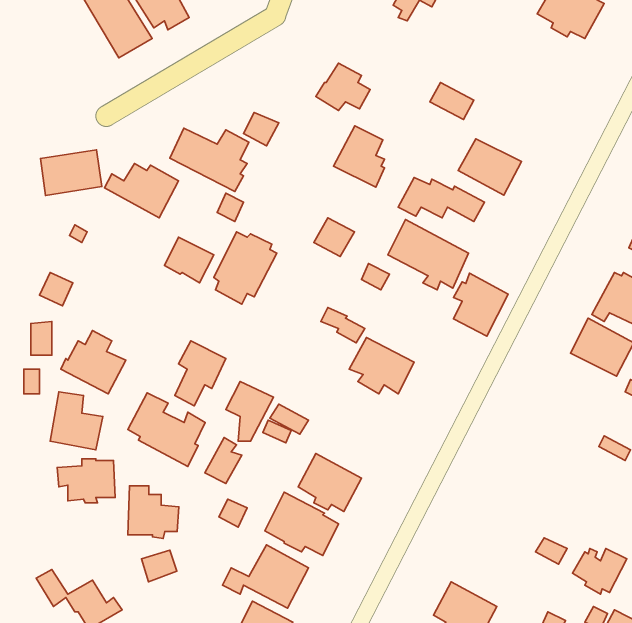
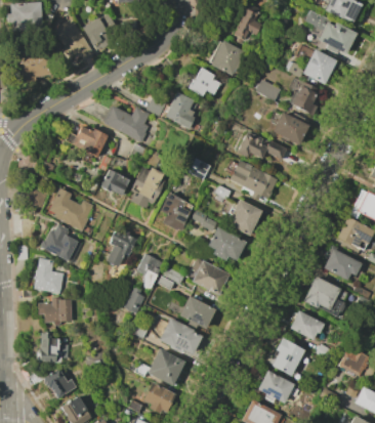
building: none -> [209,40,245,75]
building: none -> [285,48,336,84]
building: none -> [289,81,319,115]
building: [334,126,385,187] -> [165,92,195,128]
building: [40,150,102,195] -> [17,52,53,79]
building: [454,273,508,336] -> [230,199,261,236]
building: none -> [159,193,193,229]
building: none -> [323,248,362,281]
building: none -> [192,257,230,295]
building: [128,393,205,467] -> [48,187,93,230]
building: none -> [303,277,349,316]
building: none -> [290,310,325,340]
building: [128,486,179,538] -> [39,332,69,363]
building: none -> [272,337,304,375]

